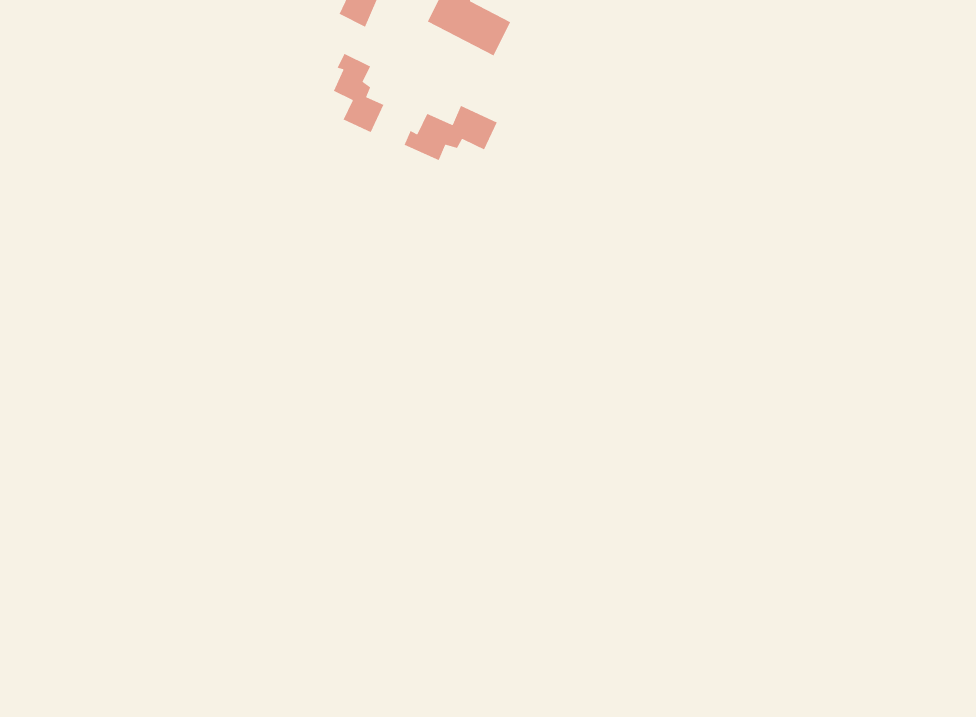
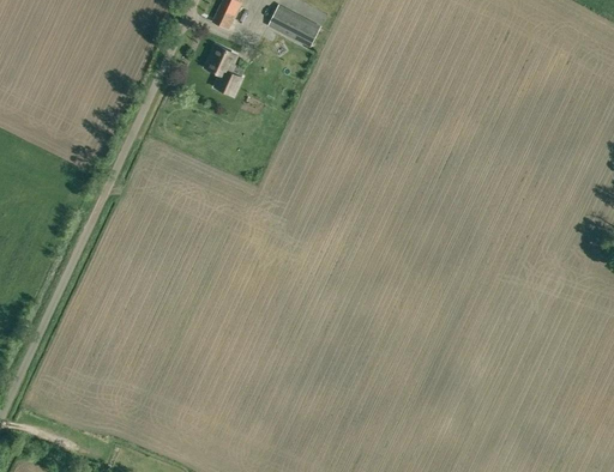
building: [403,105,498,161] -> none

